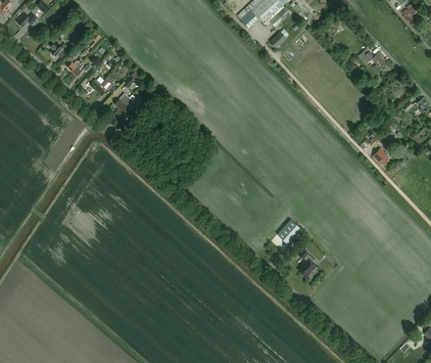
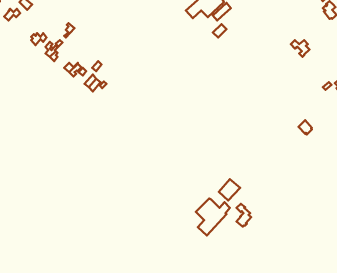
building: none -> [196,198,230,236]

